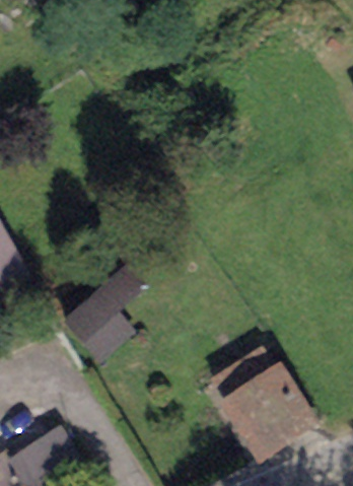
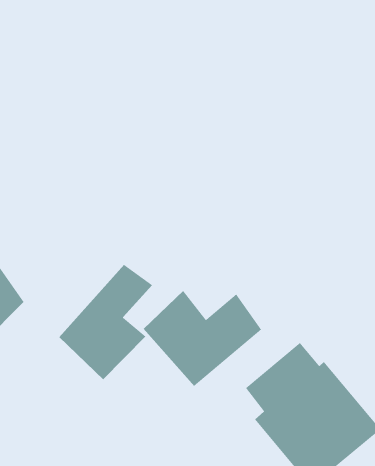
building: none -> [143,290,262,387]

